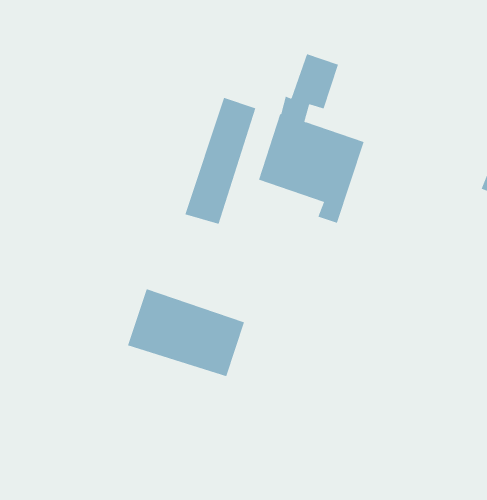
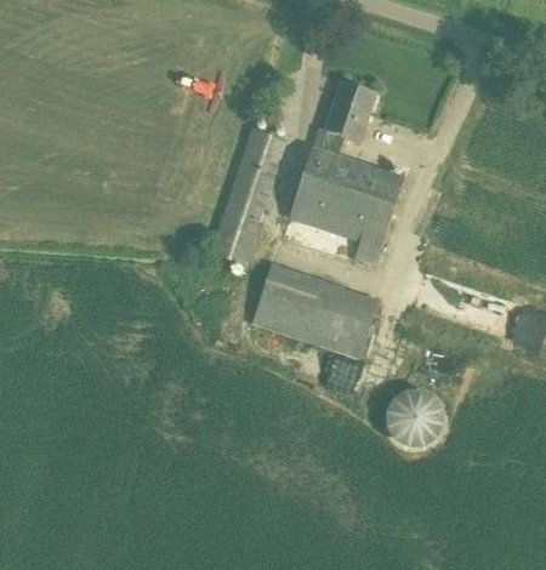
building: [127,289,245,377] -> [251,262,379,358]
building: none -> [385,389,443,448]

